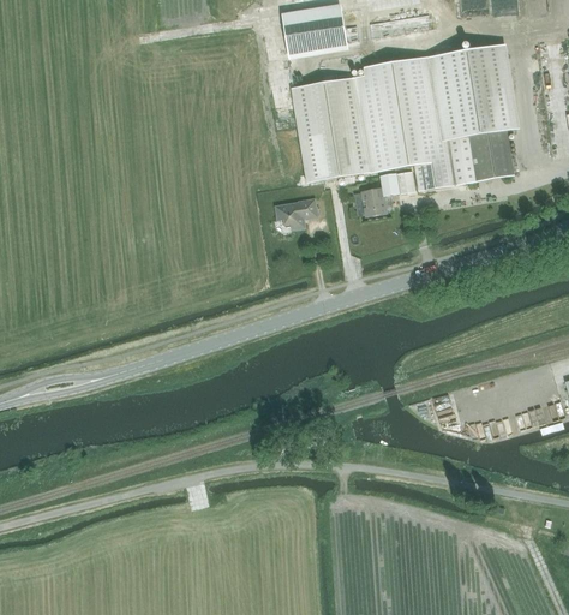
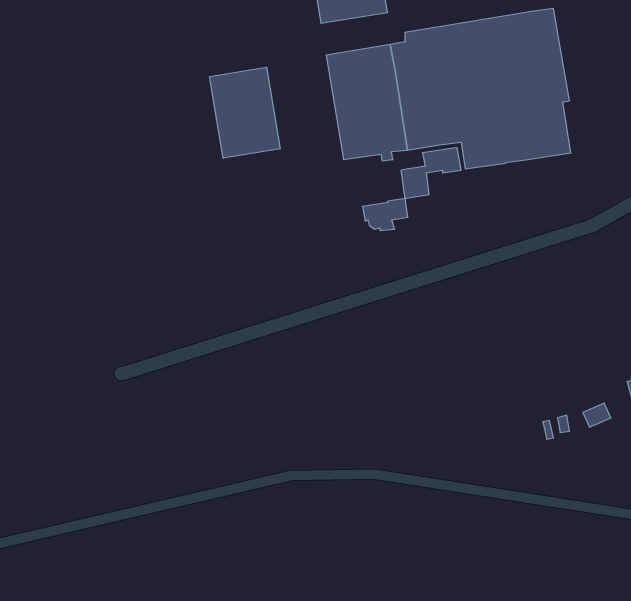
building: none -> [210,67,280,158]
building: [276,198,317,227] -> [362,198,408,230]

